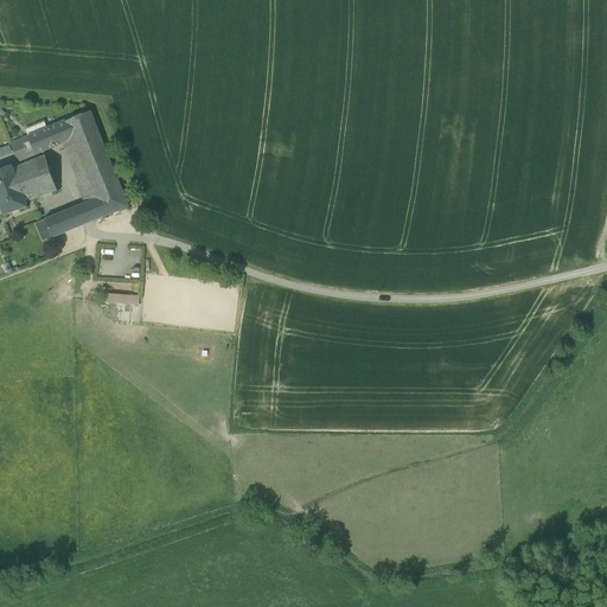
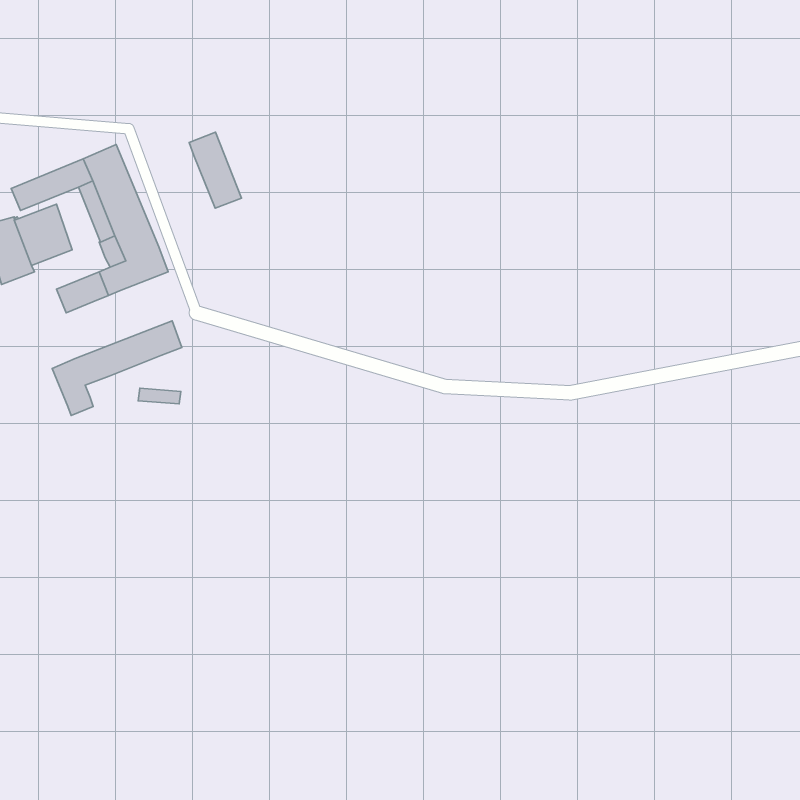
building: none -> [189,132,242,208]
building: none -> [52,321,182,415]

